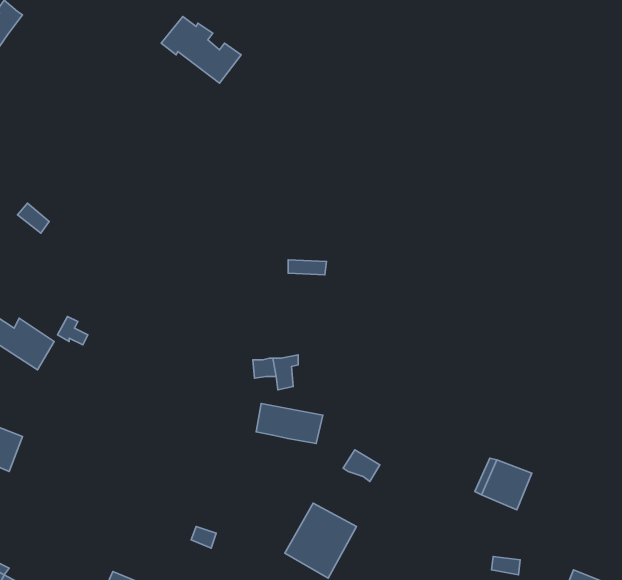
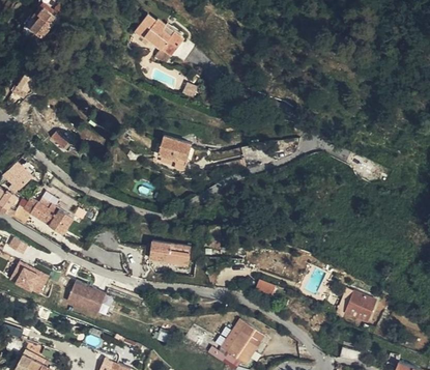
building: none -> [161,136,194,166]
building: [256,403,323,443] -> [149,240,191,265]
building: none -> [70,284,109,317]

